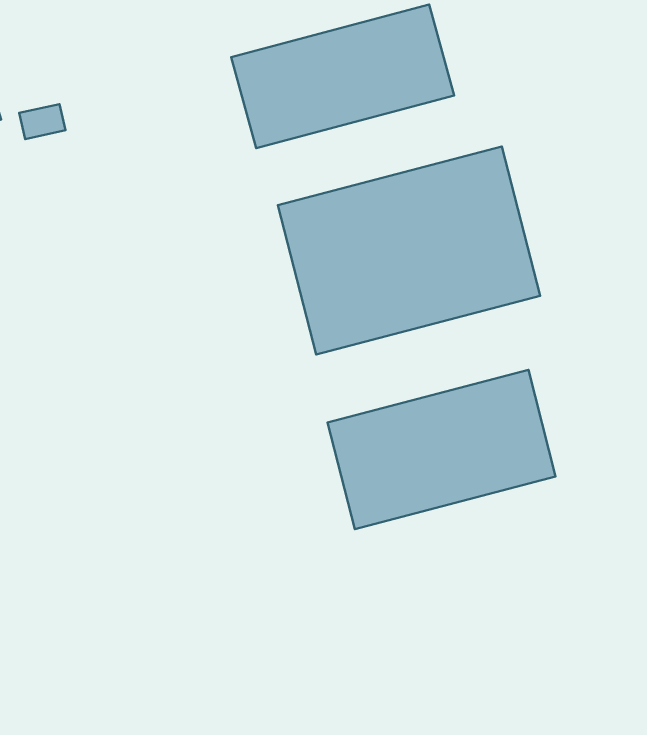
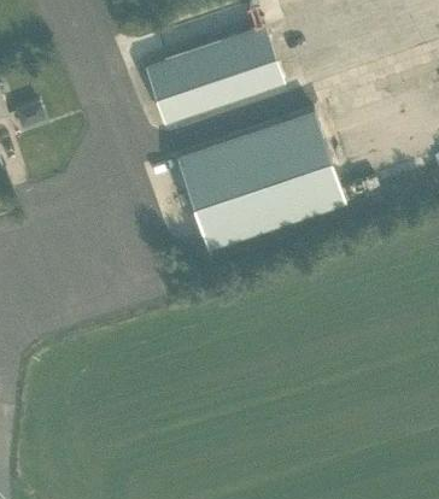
building: [328,370,556,529] -> none

